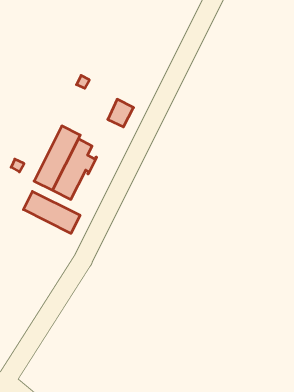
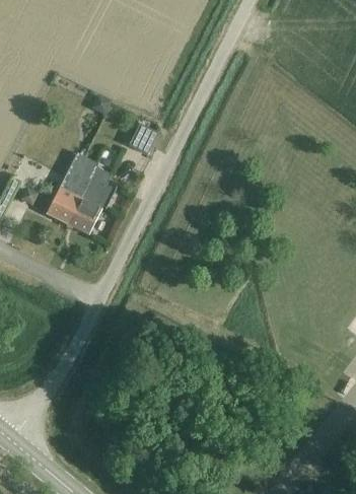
building: [23,191,80,233] -> none

